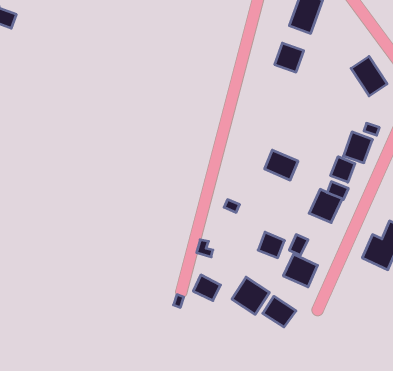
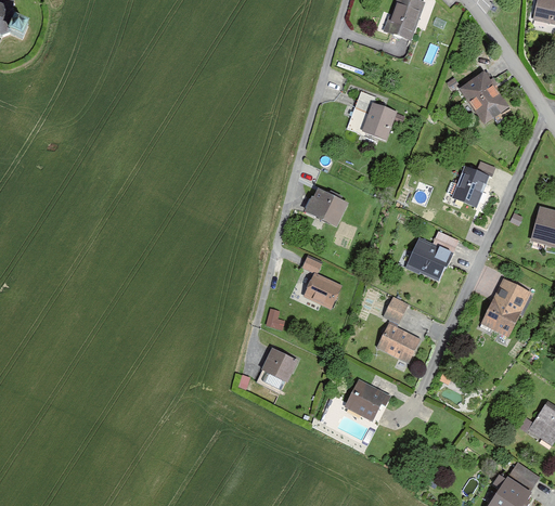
building: [275,43,304,72] -> [359,103,396,140]
building: [265,150,298,180] -> [304,187,346,225]
building: [331,157,355,182] -> none
building: [258,232,285,258] -> [306,273,339,306]
building: [232,277,269,314] -> none

